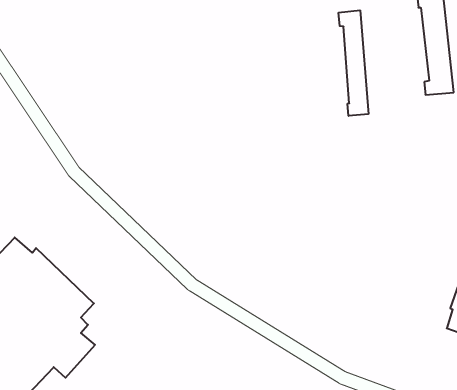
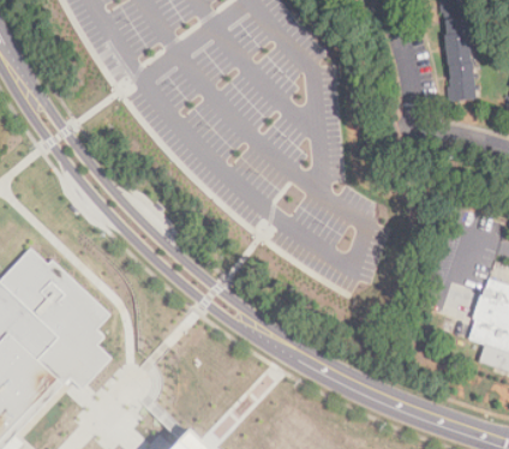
building: [339,10,368,116] -> none

